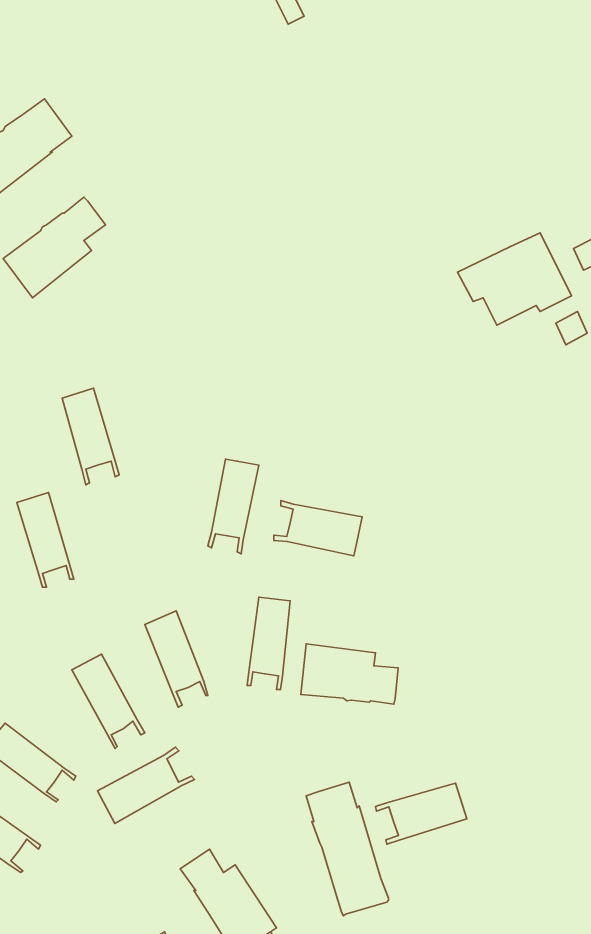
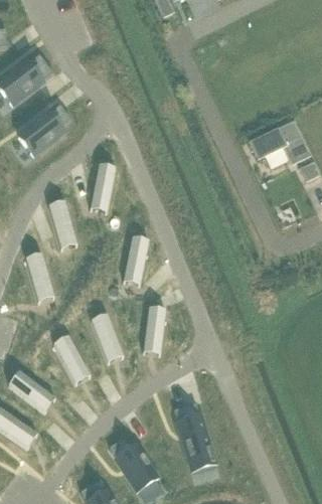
building: none -> [90,164,116,212]
building: [274,501,362,556] -> none
building: [301,644,398,704] -> none
building: [98,747,195,824] -> none
building: [375,783,467,844] -> none

